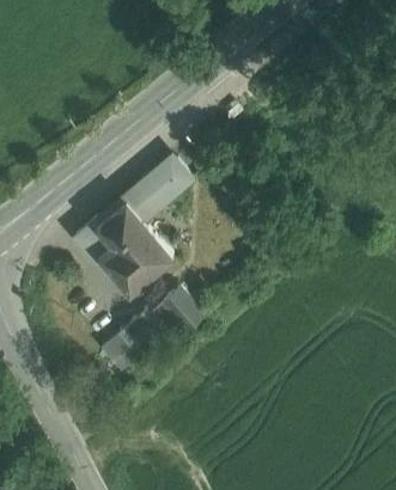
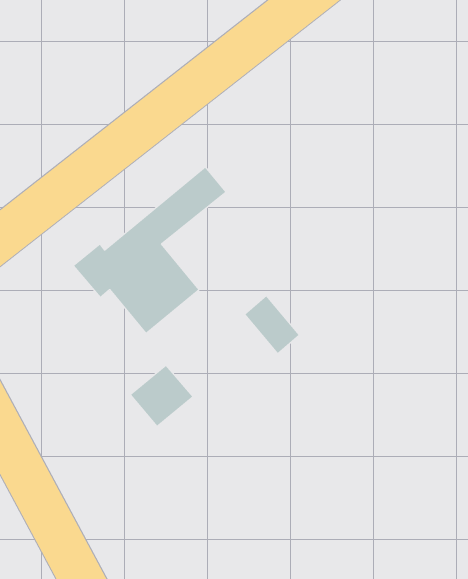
building: [156,288,197,332] -> [244,296,300,354]

